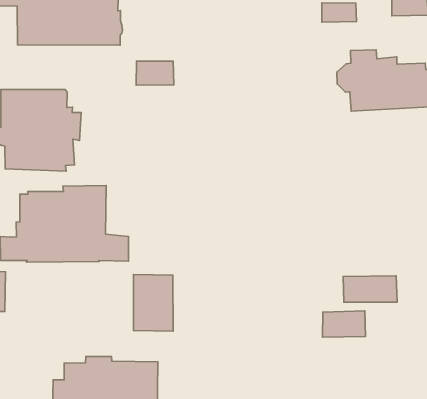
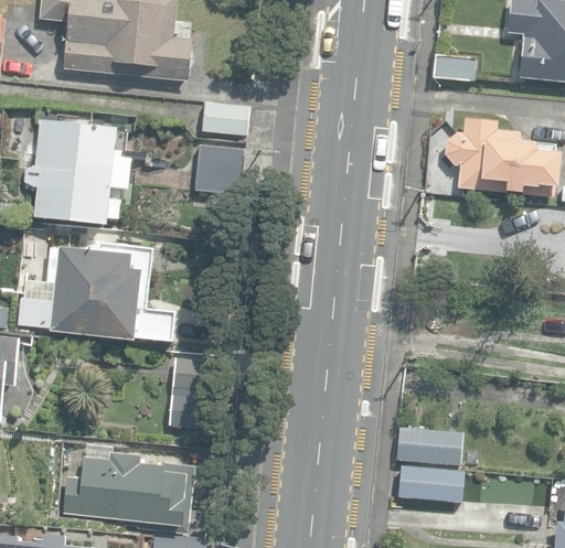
building: none -> [194,146,243,195]
building: [343,276,397,302] -> [398,465,465,503]

